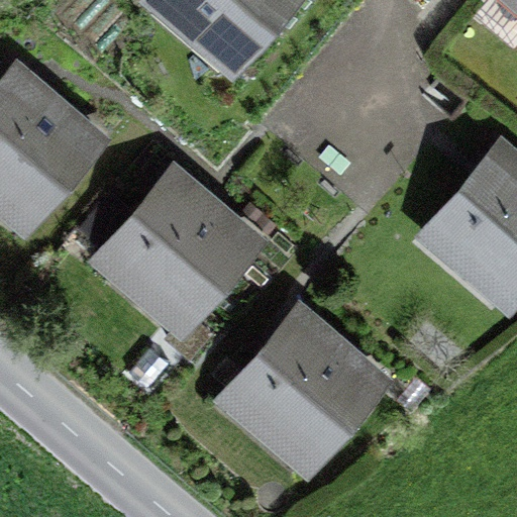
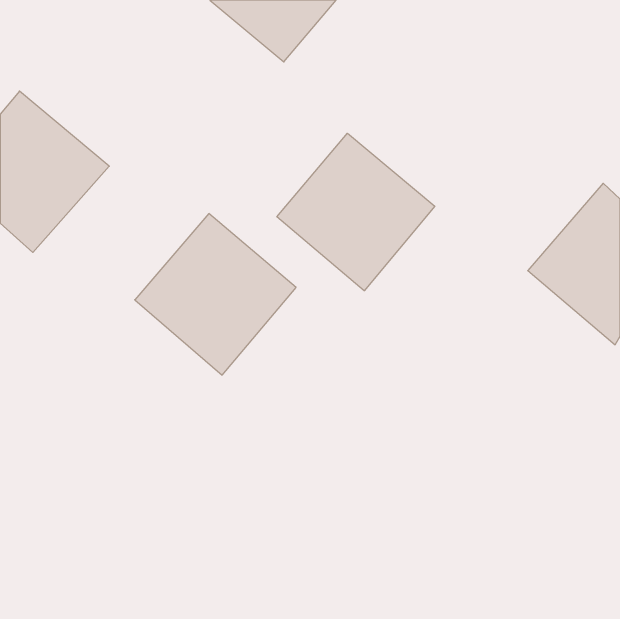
building: none -> [277,133,435,291]
building: [238,317,372,451] -> none

